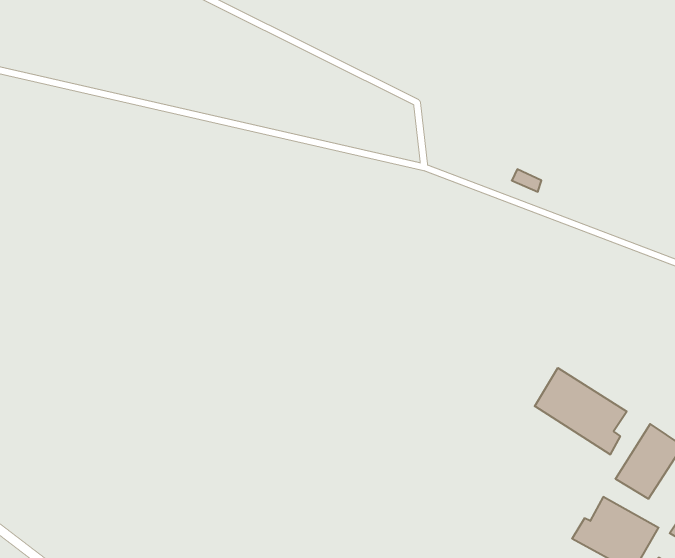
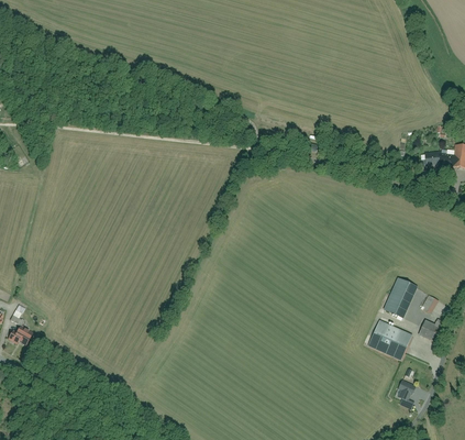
building: [535,368,627,455] -> none

